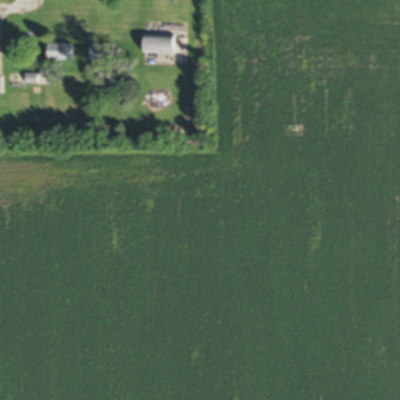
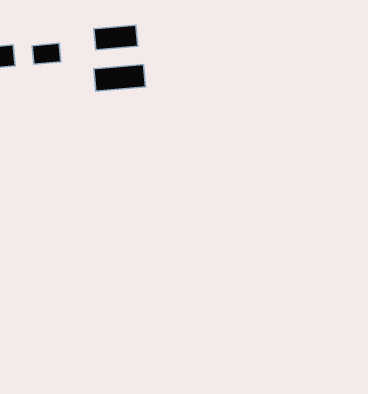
building: none -> [94,64,146,91]

